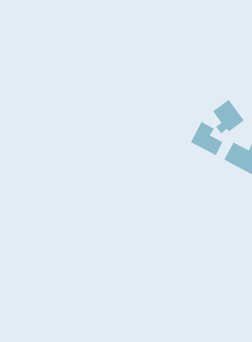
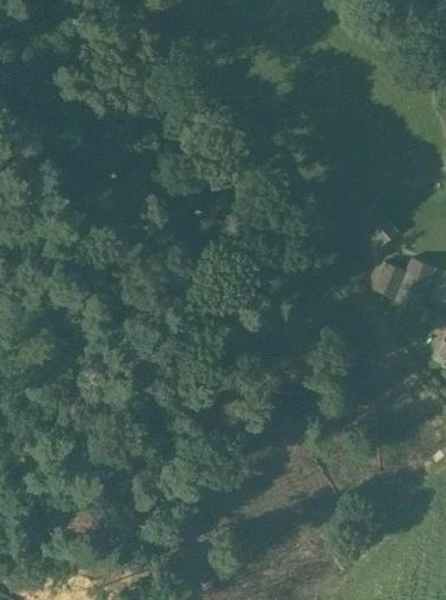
building: [190,121,224,156] -> none

